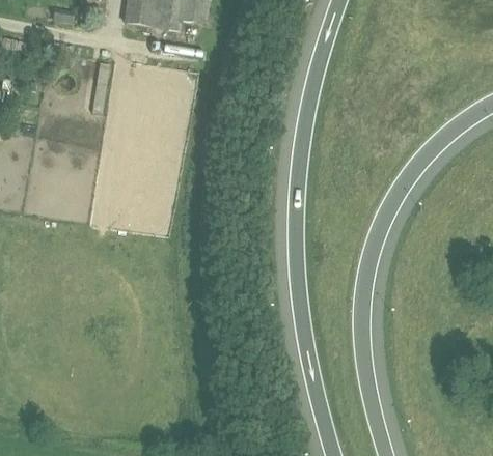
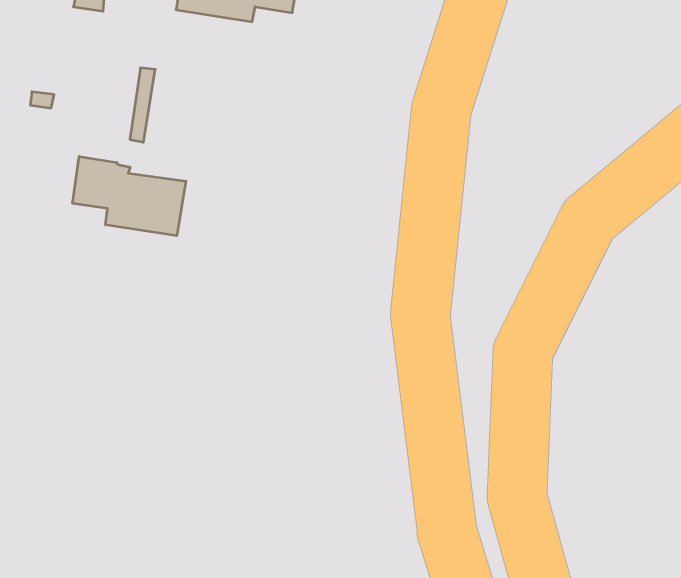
building: none -> [73,156,186,236]

